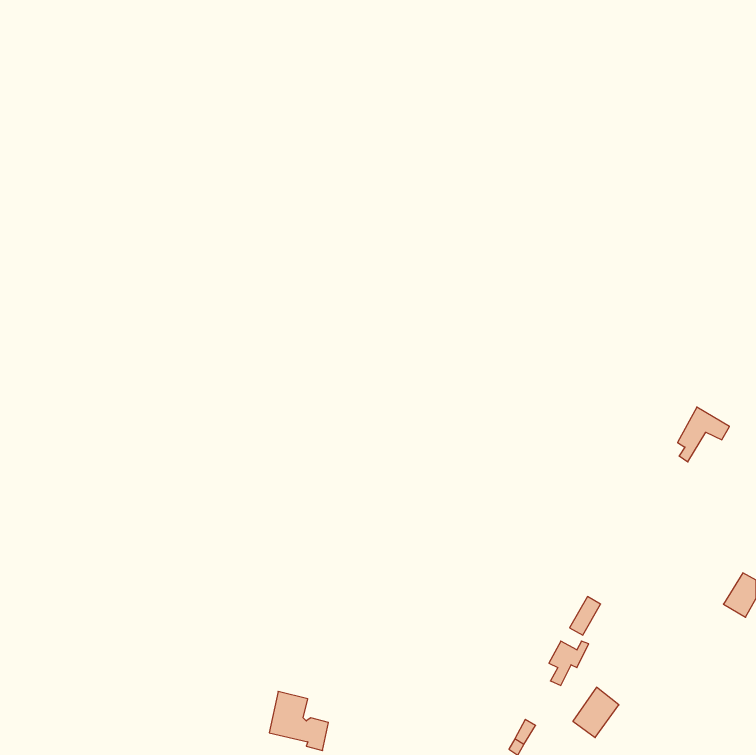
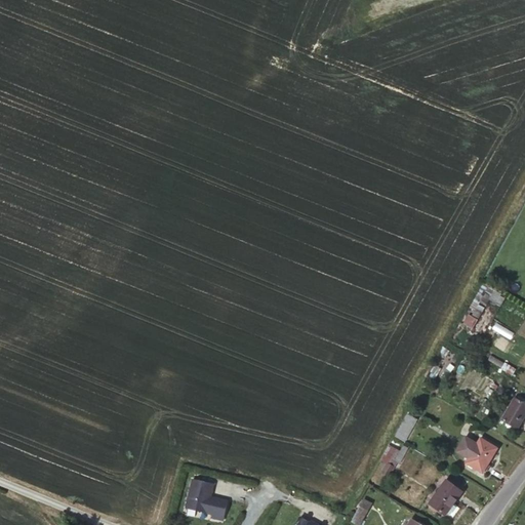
building: none -> [457,436,497,472]
building: [573,687,619,738] -> [430,479,461,514]

